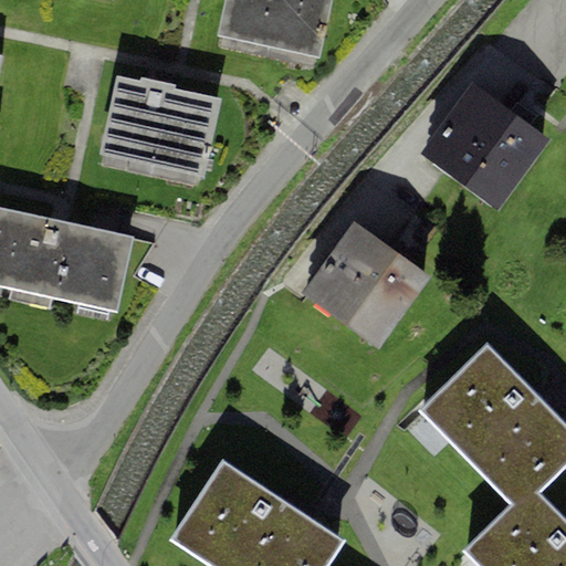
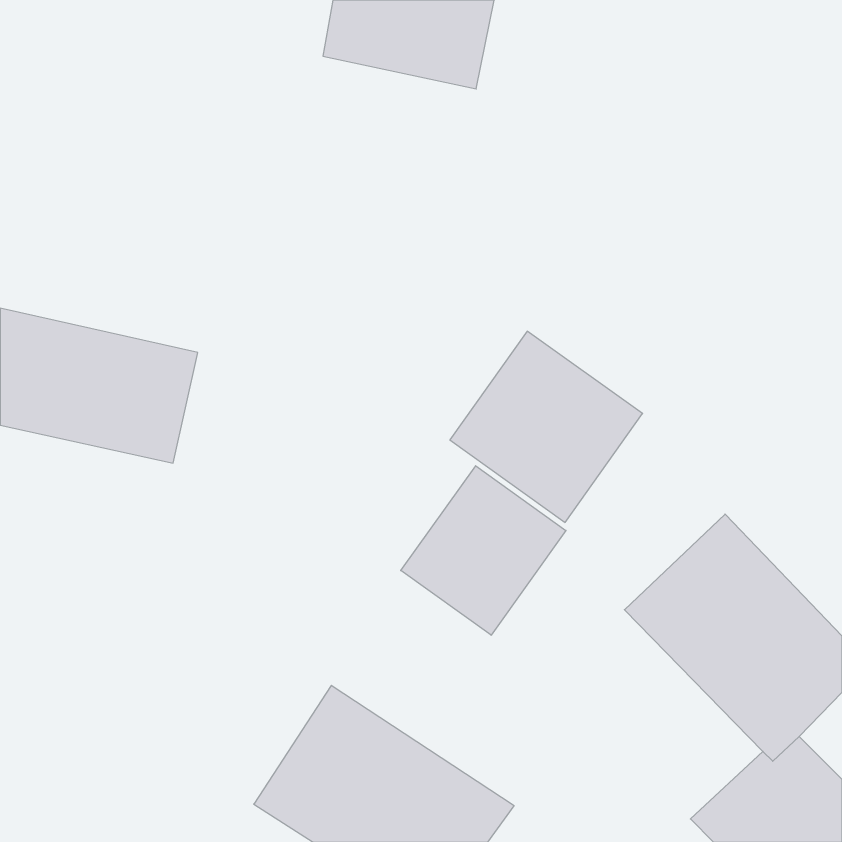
building: [99,76,223,179] -> none
building: [420,85,548,211] -> none
building: none -> [401,466,566,635]

